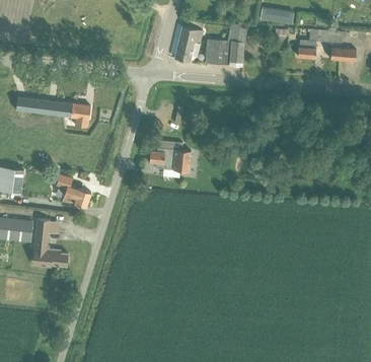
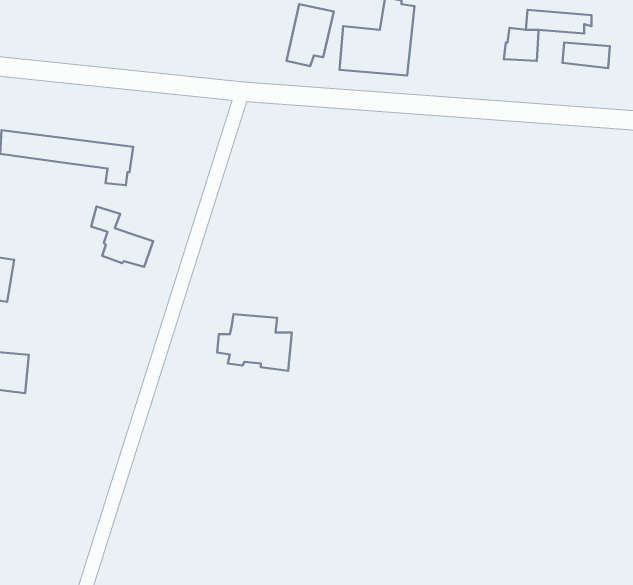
building: [149,140,191,171] -> [217,314,292,371]
building: [57,173,91,207] -> [91,206,153,267]
building: [31,219,68,267] -> none

